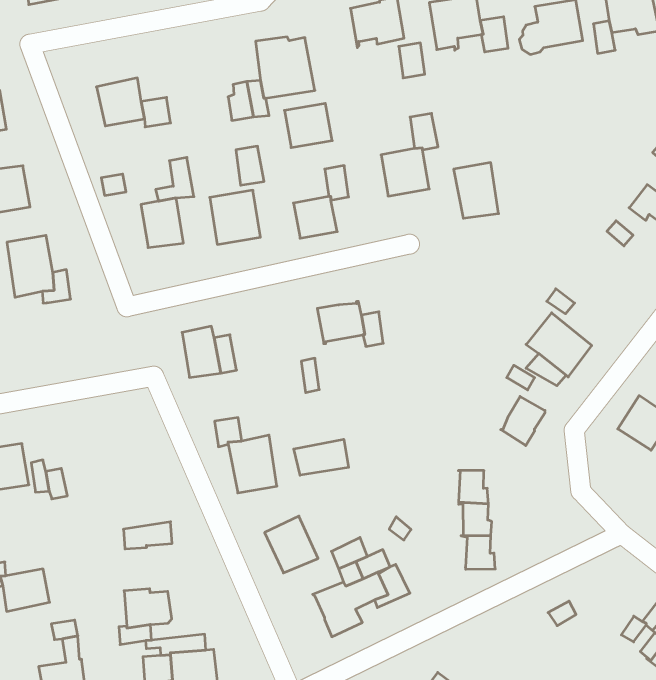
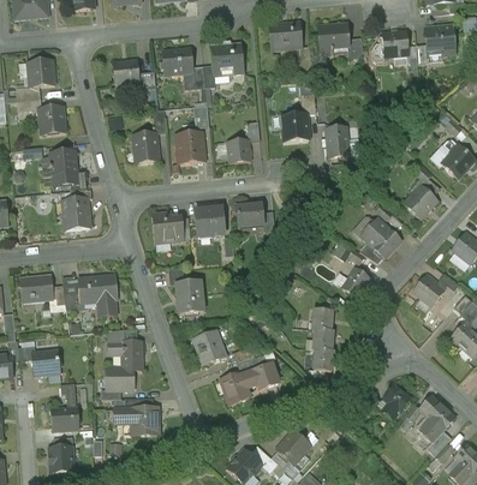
building: [284,103,332,148] -> [163,48,191,73]
building: none -> [403,185,437,218]
building: none -> [62,196,90,228]
building: none -> [195,206,225,235]
building: none -> [78,275,117,316]
building: [294,439,349,475] -> none
building: none -> [108,341,142,370]
building: none -> [382,385,411,419]

